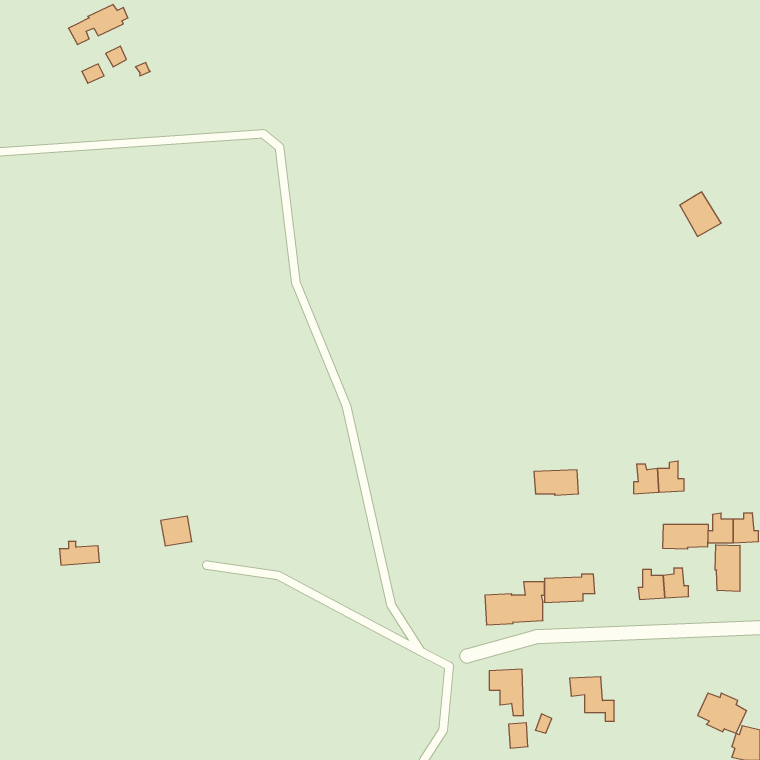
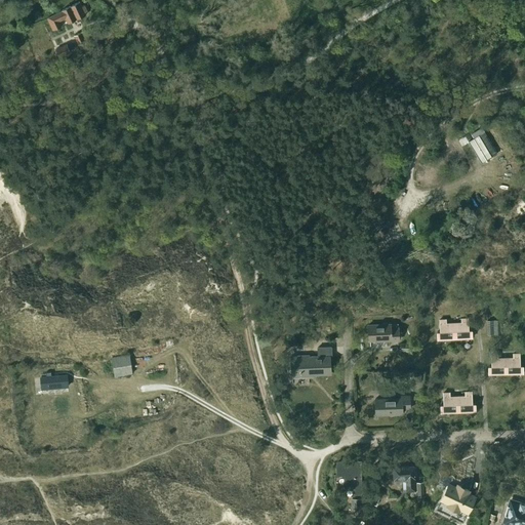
building: [663,524,708,549] -> none
building: [715,545,740,591] -> none
building: [485,582,544,625] -> [290,348,331,377]
building: [698,693,747,733] -> [441,485,475,513]

